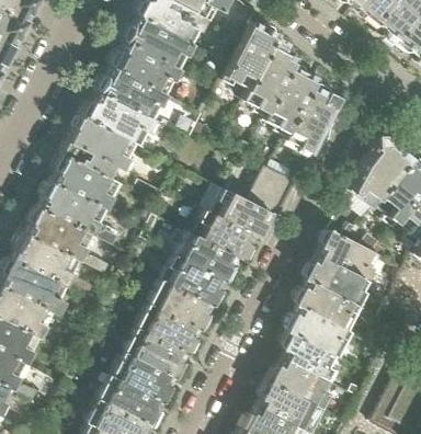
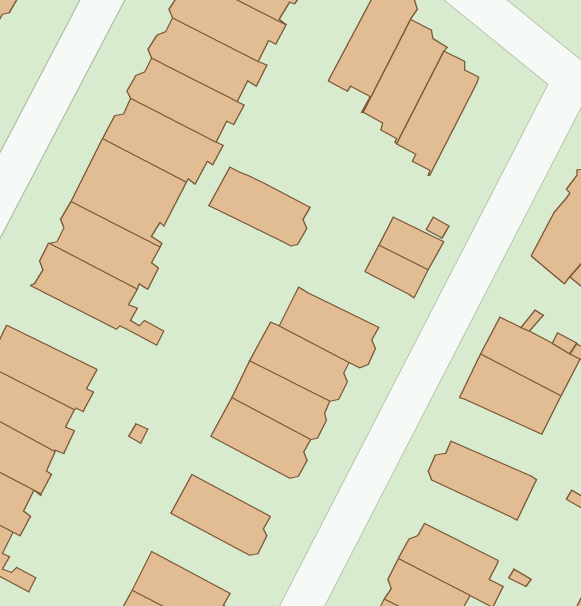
building: [286,81,338,156] -> none
building: [209,189,273,238] -> [209,167,310,246]
building: [22,208,111,273] -> none
building: [294,279,362,328] -> none
building: [137,302,198,353] -> none
building: [281,330,337,380] -> none
building: [110,346,173,401] -> none

